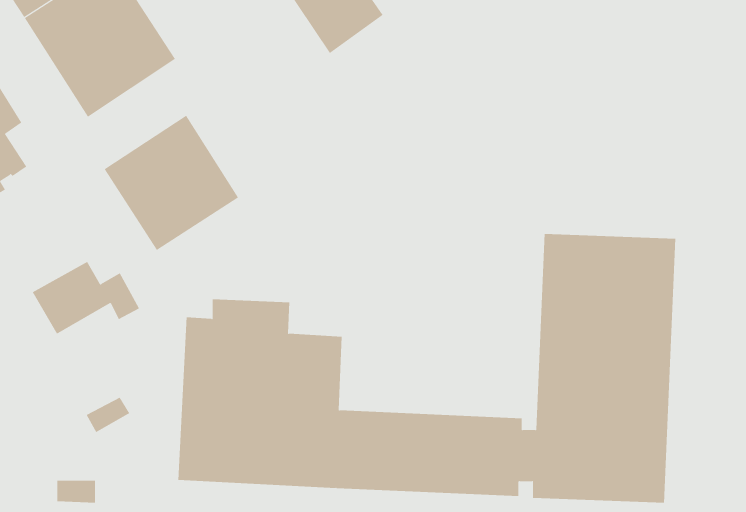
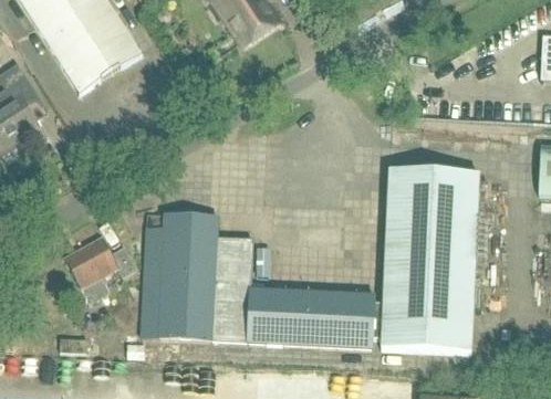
building: [104,115,239,251] -> none
building: [32,261,140,335] -> [63,238,136,287]

